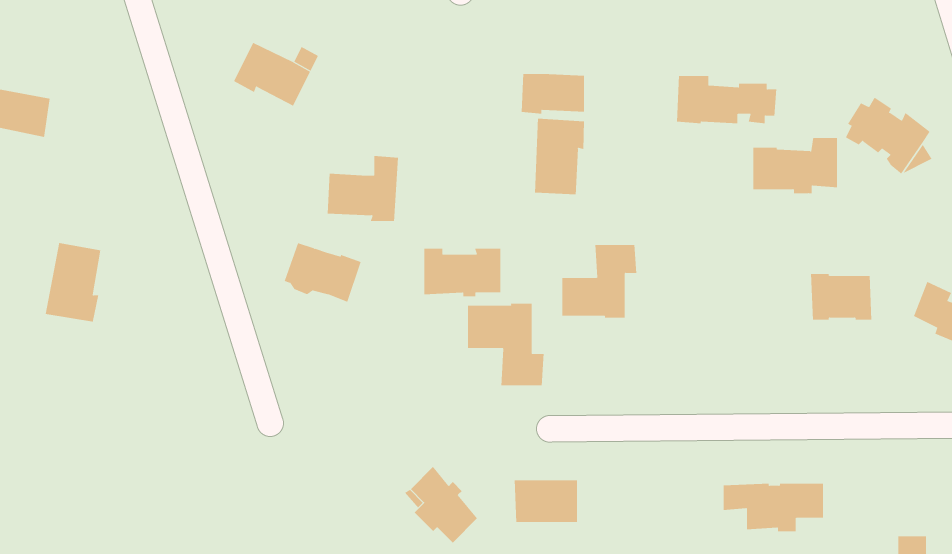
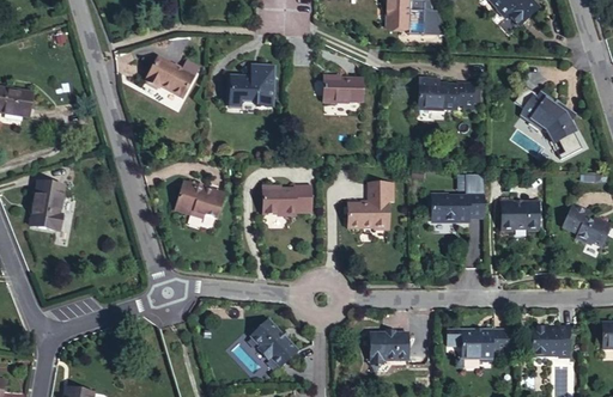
building: [534,118,584,195] -> none
building: [752,137,838,194] -> [431,187,484,221]
building: [327,156,399,222] -> [229,66,273,106]
building: [467,303,544,386] -> none
building: none -> [530,325,570,355]
building: [514,480,578,523] -> [369,334,408,360]

